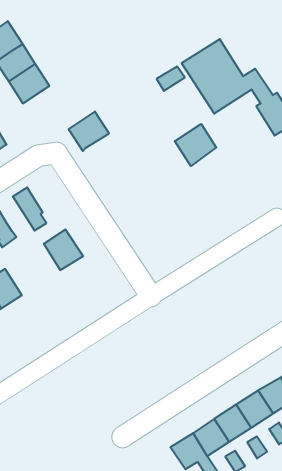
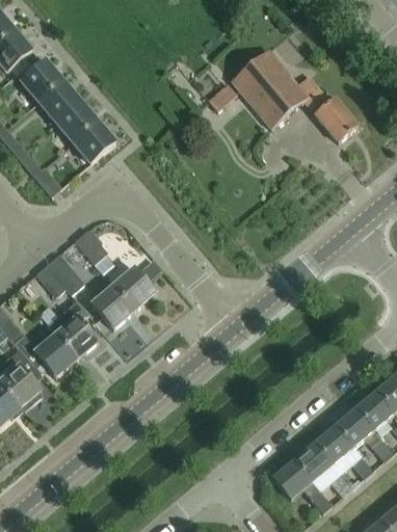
building: [69,111,109,151] -> [73,121,115,163]
building: [175,124,216,166] -> none
building: none -> [92,285,134,328]

